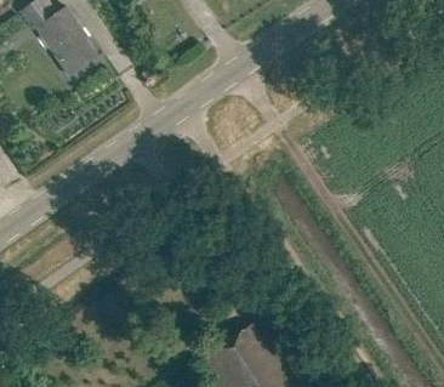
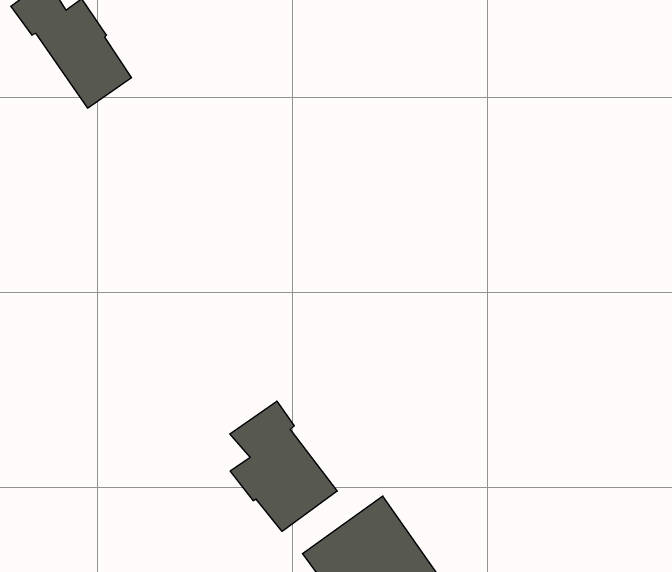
building: none -> [230,401,337,531]

